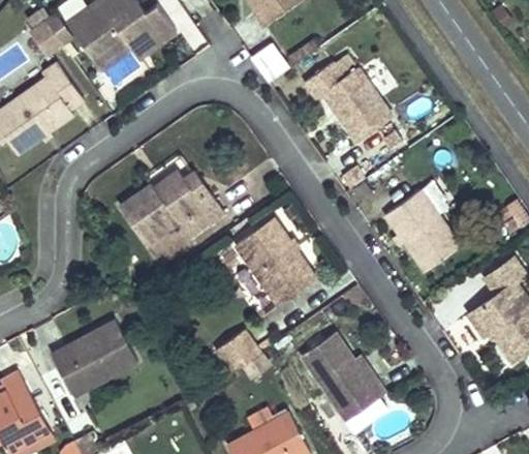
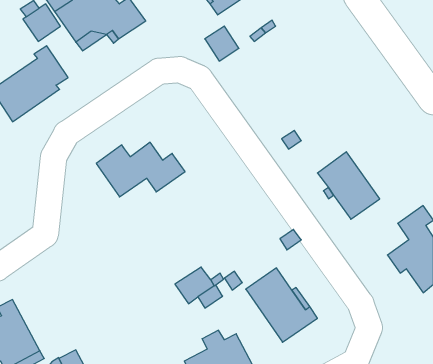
building: [307,56,395,143] -> none
building: [151,168,210,201] -> none
building: [232,216,316,305] -> none
building: [49,319,136,398] -> none

